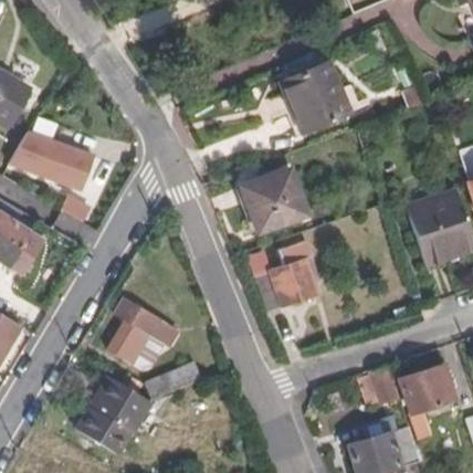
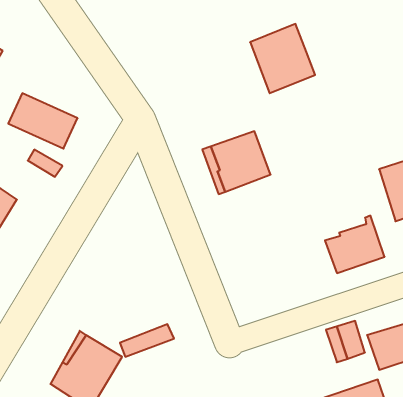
building: [256,250,317,308] -> [325,216,385,273]
building: [108,297,177,365] -> none

